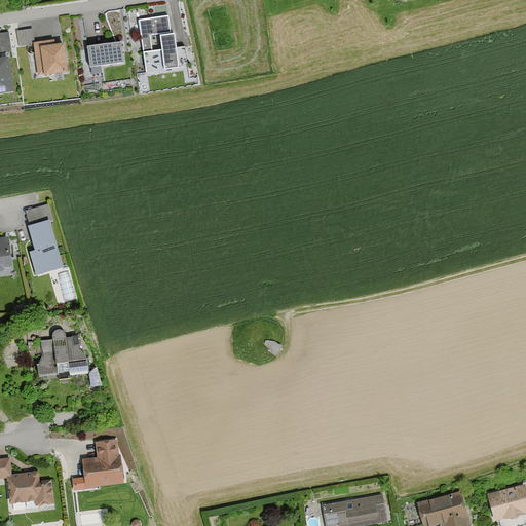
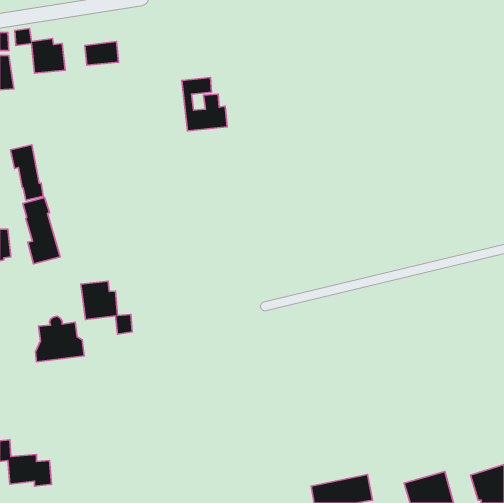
building: [138,17,185,73] -> [182,77,227,131]
building: none -> [10,145,43,200]
building: none -> [81,281,132,334]
building: [81,439,124,487] -> none

